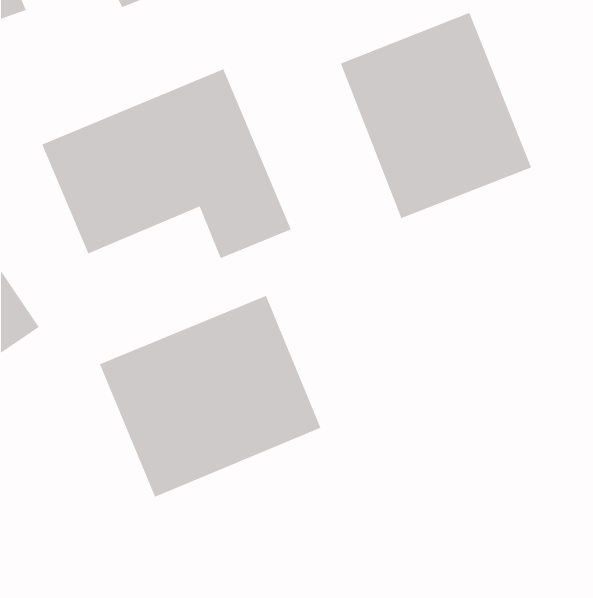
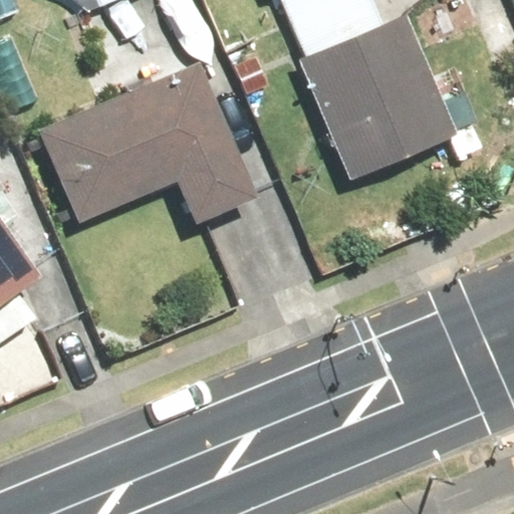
building: [99,295,322,498] -> none

